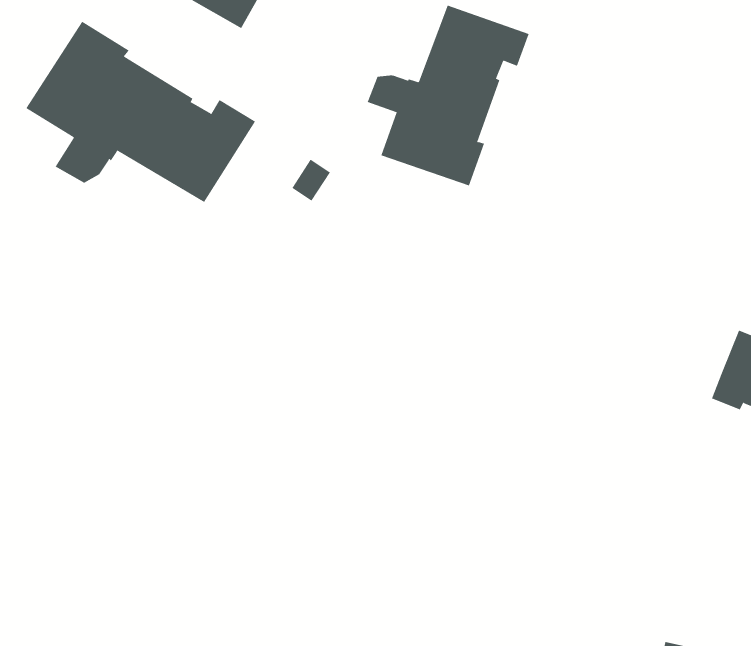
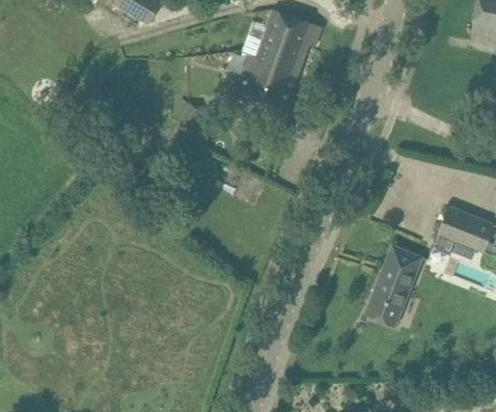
building: [26,21,256,203] -> none
building: none -> [365,245,421,326]

